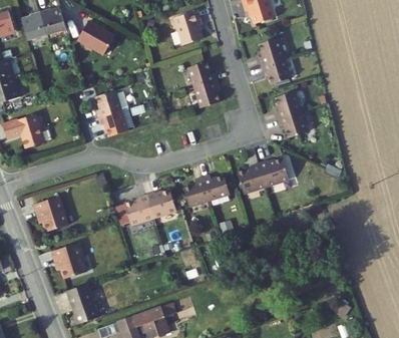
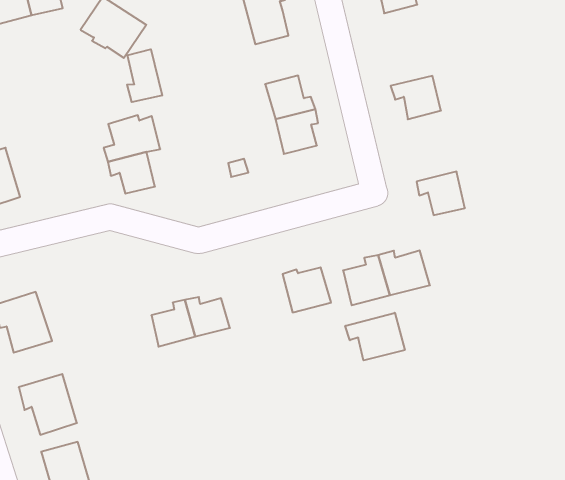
building: [258,38,284,65] -> none
building: none -> [127,49,162,102]
building: [275,93,301,120] -> none
building: [180,179,210,208] -> none
building: none -> [345,313,405,360]

